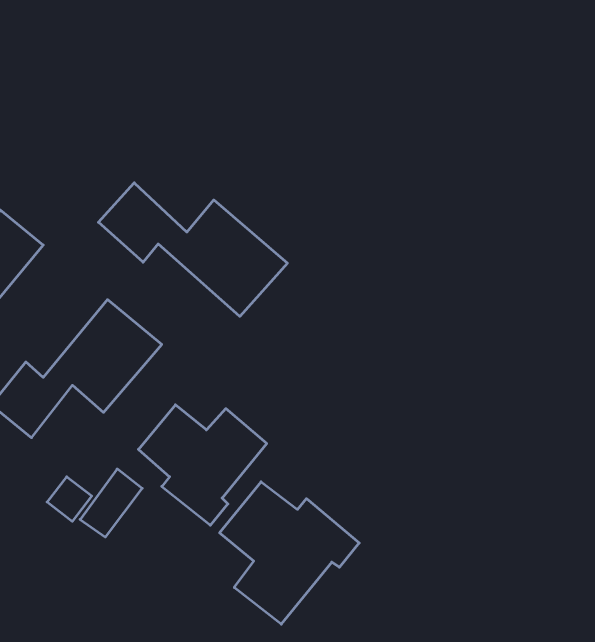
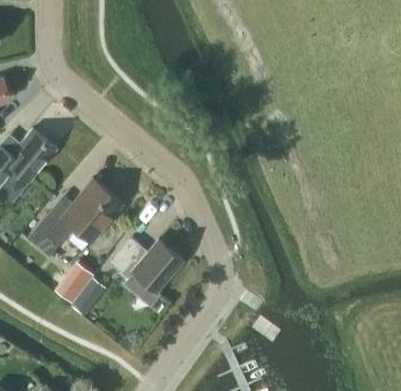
building: [98,183,287,316] -> none
building: [220,482,359,624] -> none

